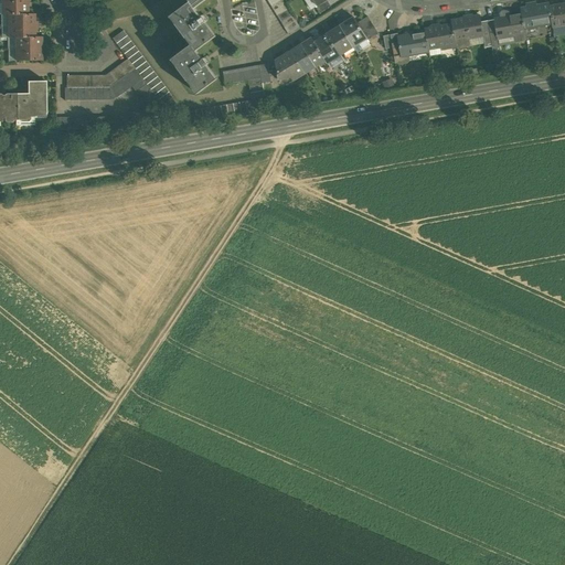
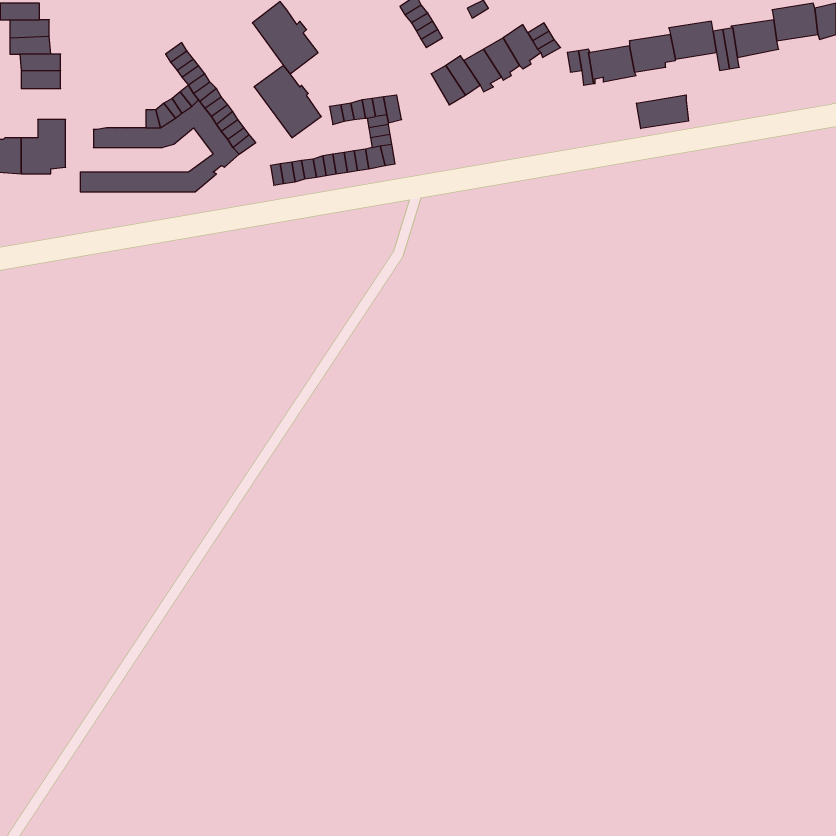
building: [274,50,303,79] -> none
building: none -> [637,95,688,129]

